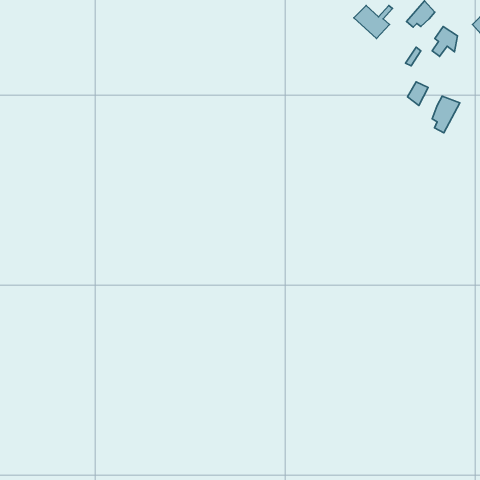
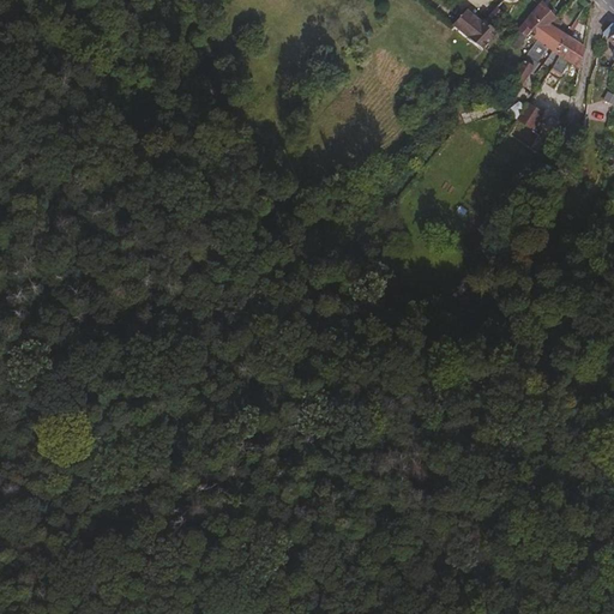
building: none -> [526,16,566,60]
building: [432,96,460,133] -> none

